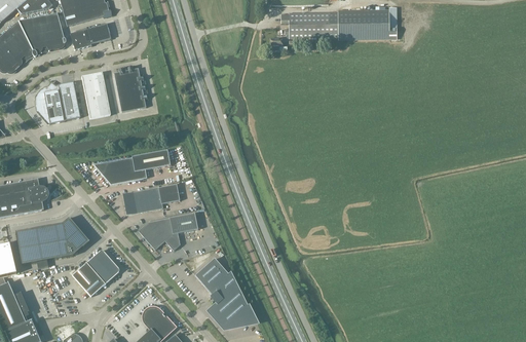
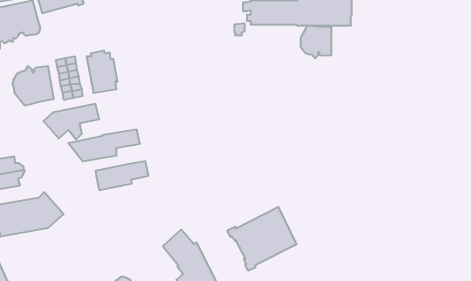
building: [70,23,110,49] -> none
building: none -> [301,26,331,58]
building: [139,213,198,251] -> [43,104,99,139]
building: none -> [227,207,297,271]
building: [72,251,119,296] -> none

